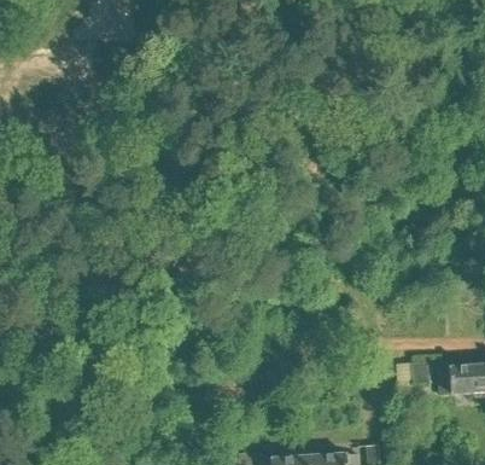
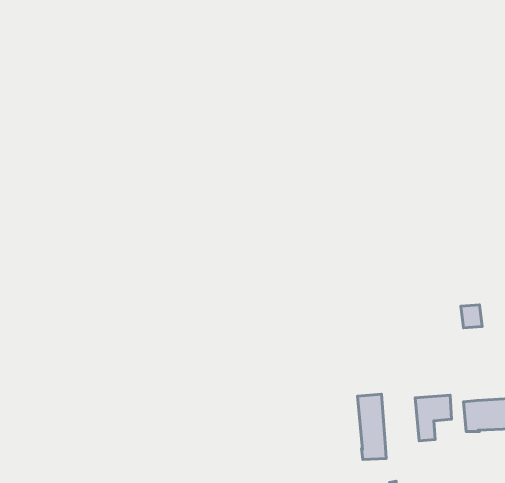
building: none -> [357,394,386,460]

